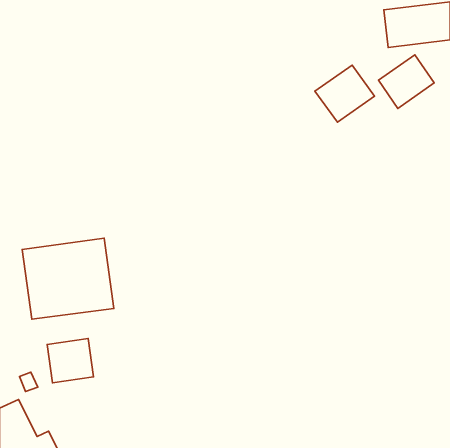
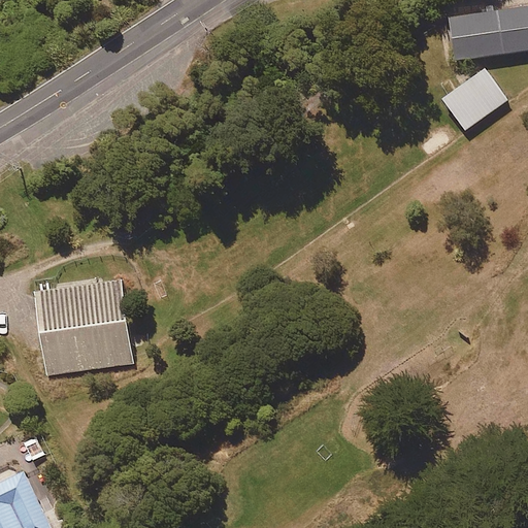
building: [315,65,375,122] -> none
building: [47,339,94,383] -> none

